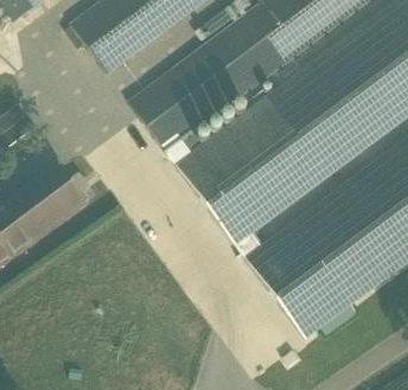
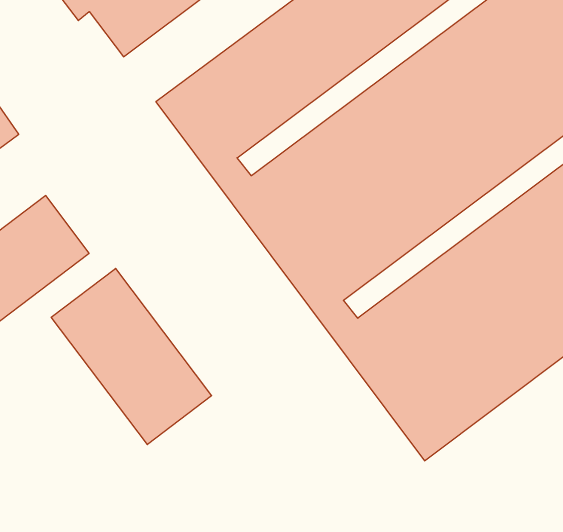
building: none -> [51,268,212,445]

